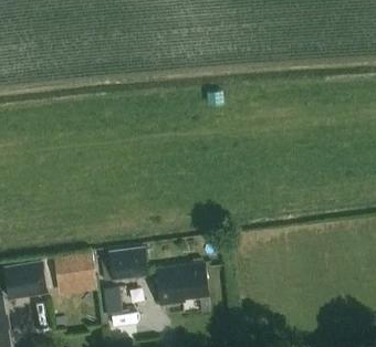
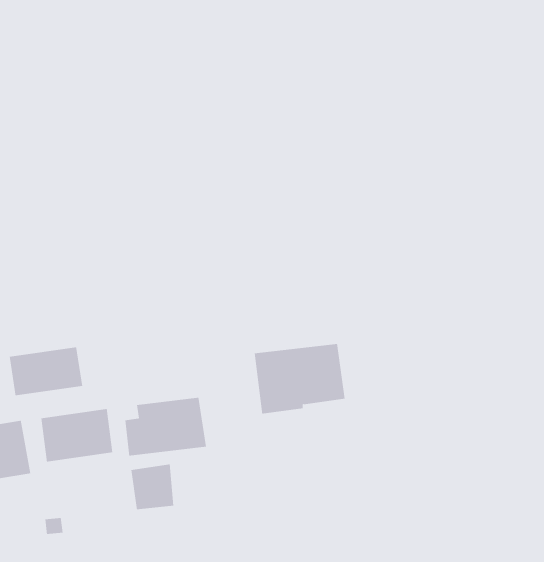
building: none -> [9,347,83,396]
building: [156,265,209,306] -> [254,344,345,414]

